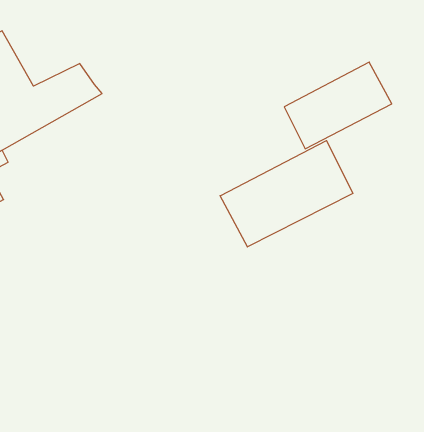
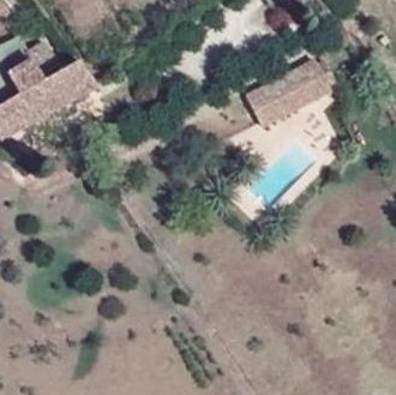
building: [220,141,353,247] -> none

